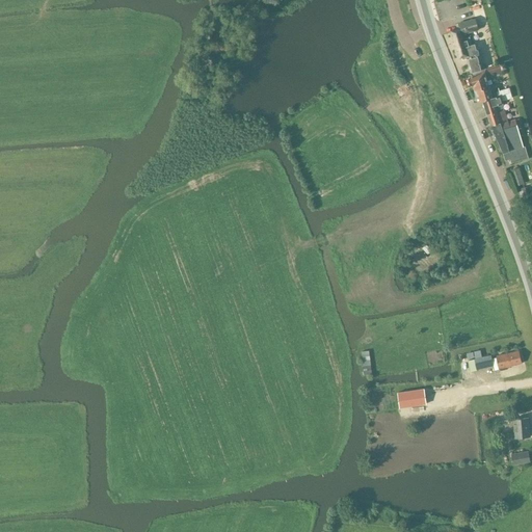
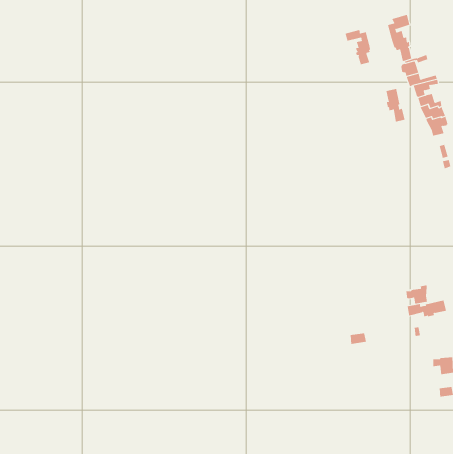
building: none -> [345,29,371,65]
building: none -> [386,88,405,123]
building: none -> [406,285,428,305]

